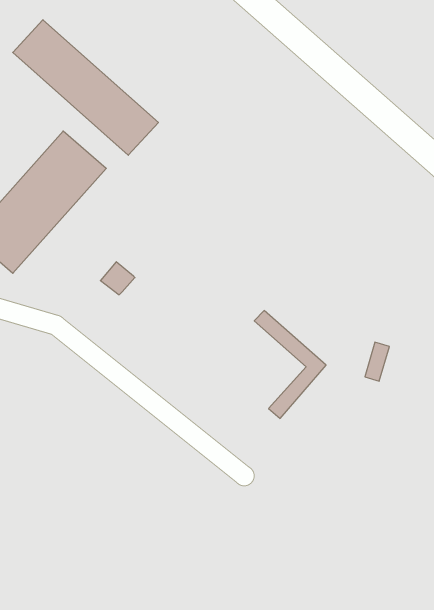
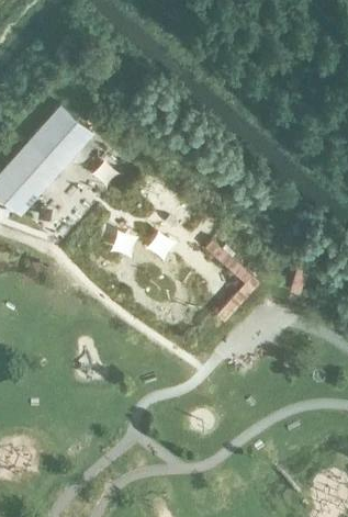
building: [13,20,158,155] -> none

